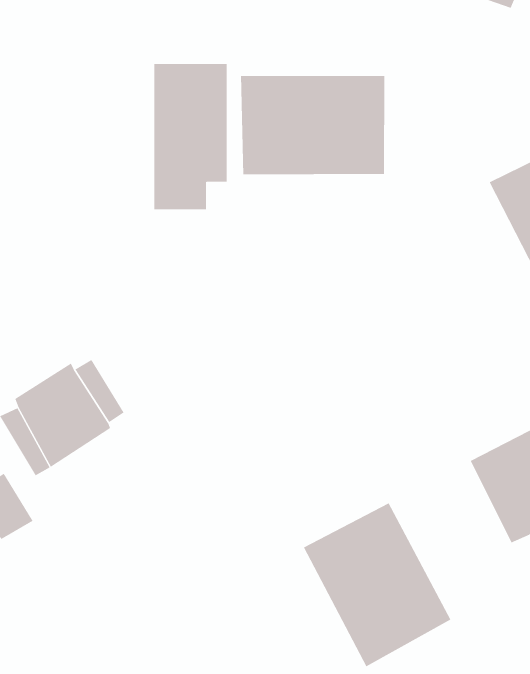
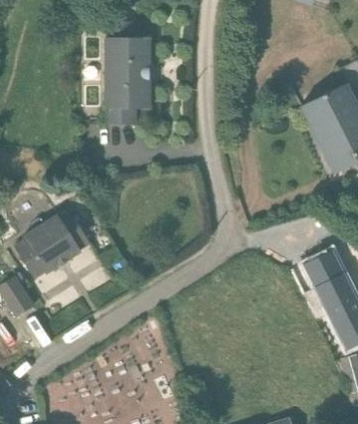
building: [241,75,385,175] -> none
building: [303,502,451,667] -> none

